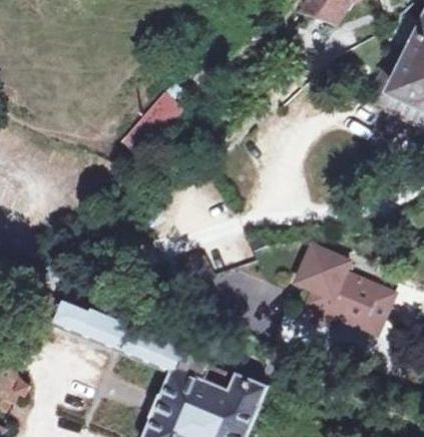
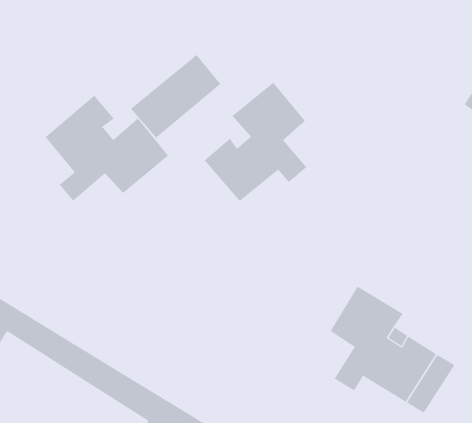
building: none -> [204,82,307,202]
building: none -> [45,95,169,202]

